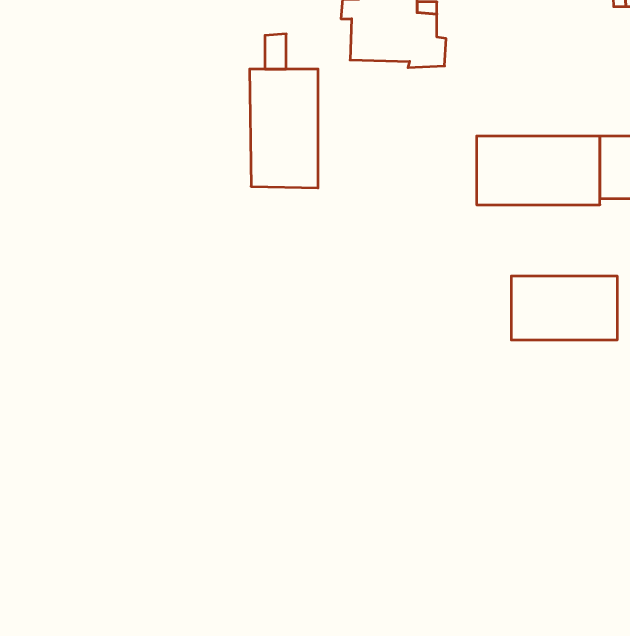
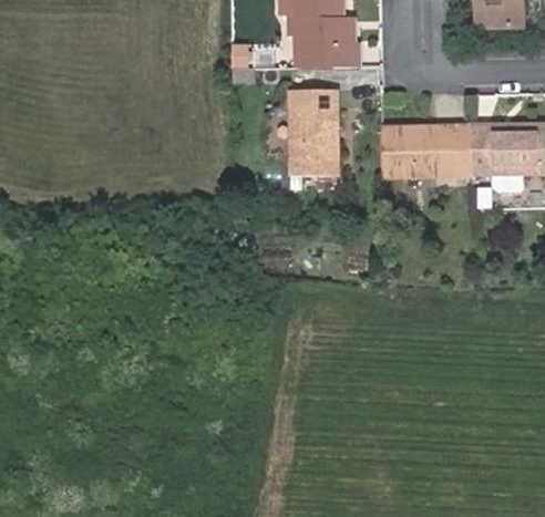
building: [250,69,318,188] -> [288,92,338,178]
building: [511,276,617,340] -> none

